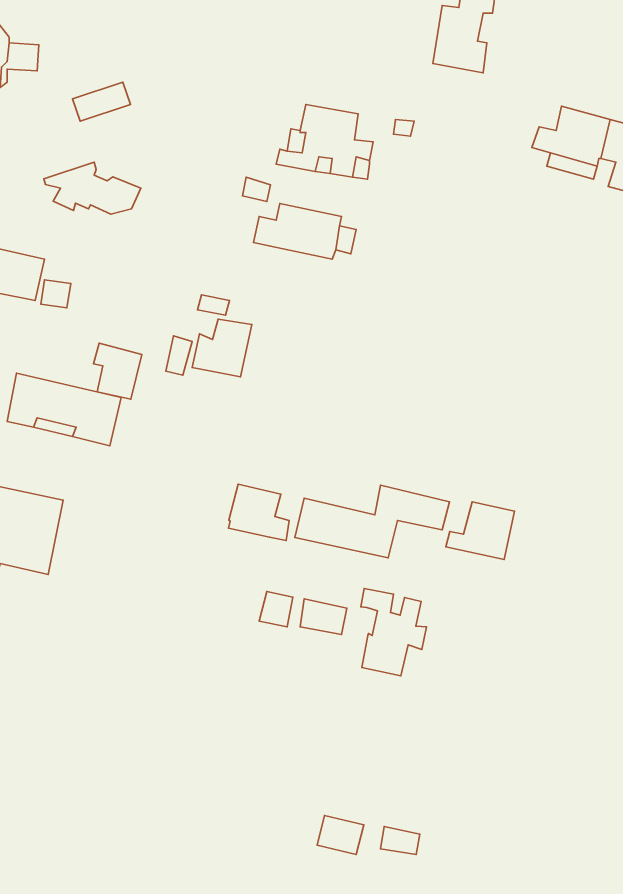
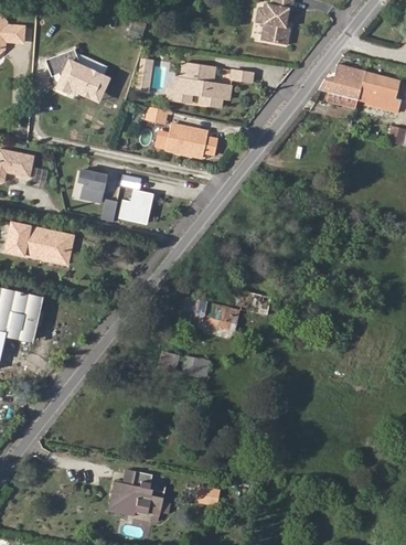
building: [44,162,141,214] -> [52,63,109,94]
building: [93,343,142,399] -> [78,169,107,202]
building: [228,484,289,540] -> none
building: [446,502,515,559] -> none
building: [361,588,426,676] -> none
building: none -> [109,470,164,515]

